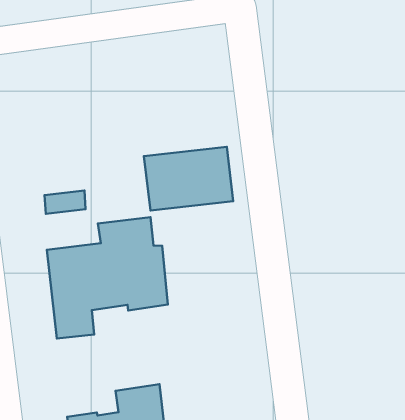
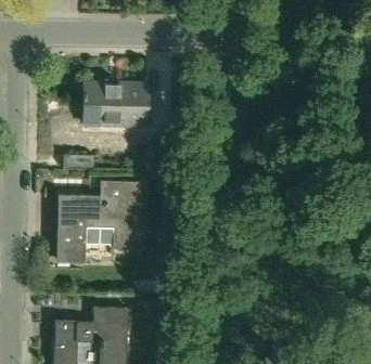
building: [144,147,233,211] -> [84,82,148,126]

